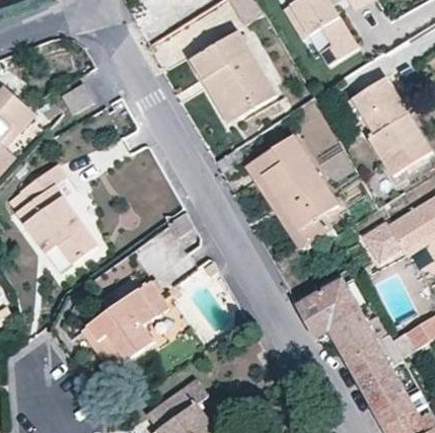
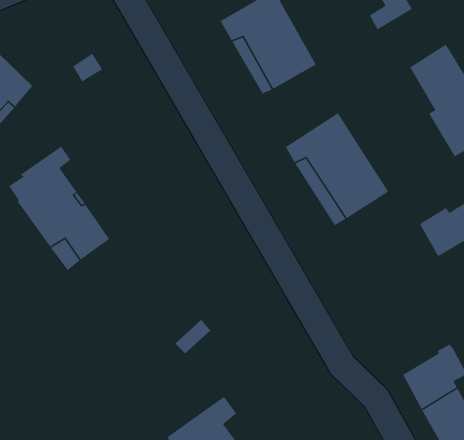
building: [296,279,377,361] -> none
building: [88,283,169,361] -> none

